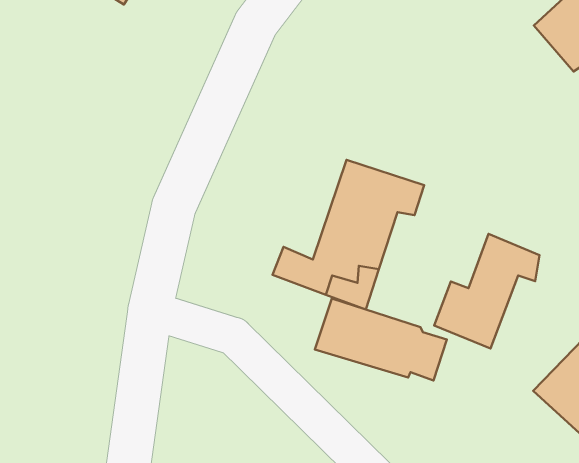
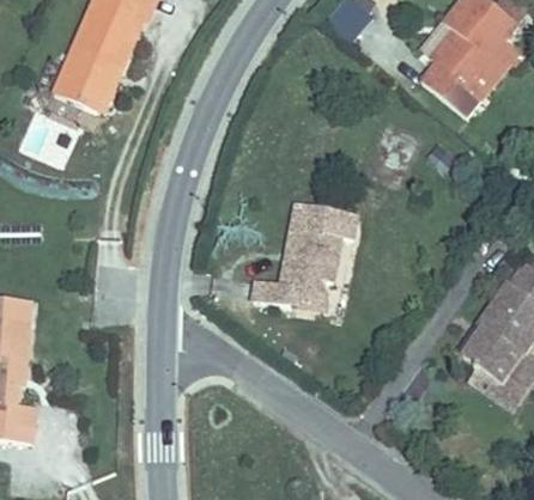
building: [434,234,539,349] -> none
building: [315,298,447,380] -> none

